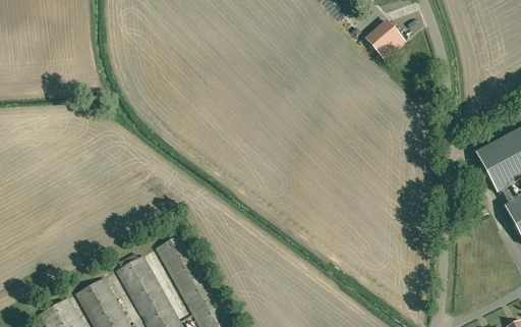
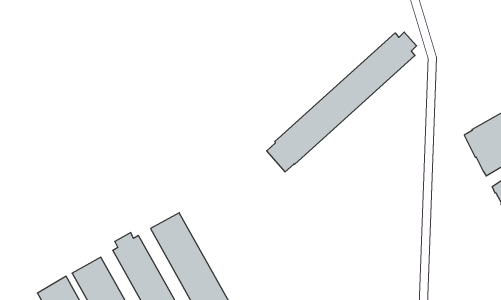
building: [365,20,406,61] -> none
building: none -> [267,32,417,172]

